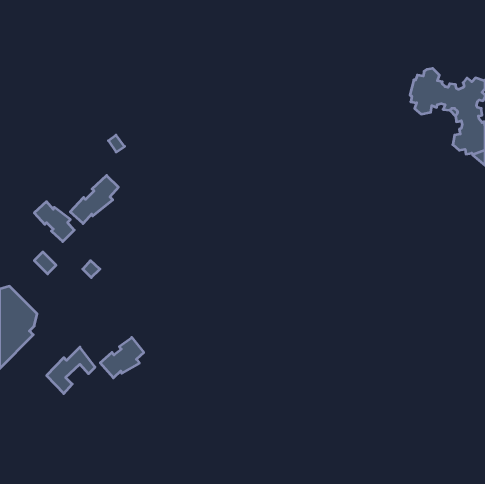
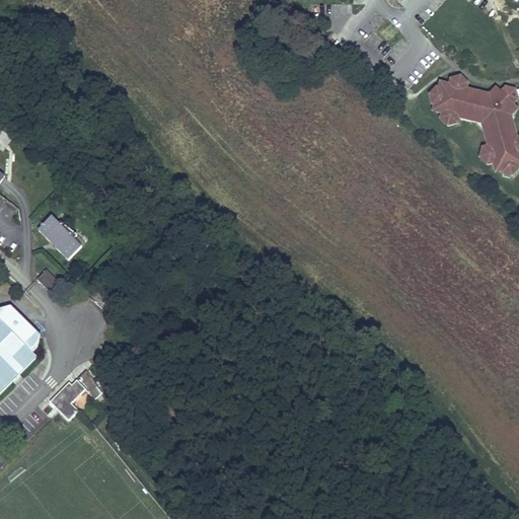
building: [70,175,118,224] -> none
building: [100,337,144,378] -> none

